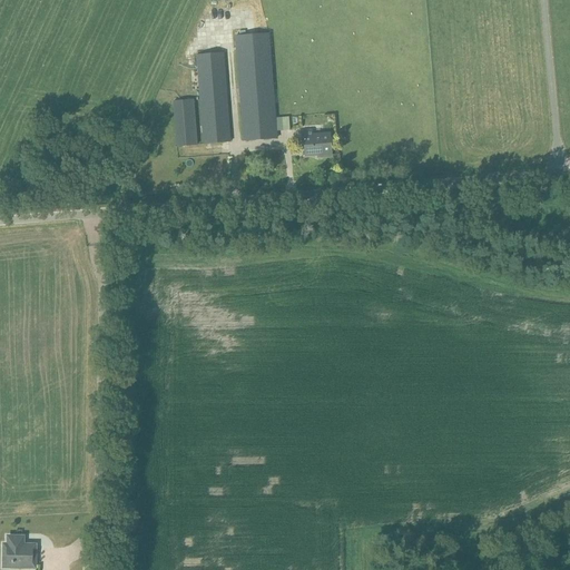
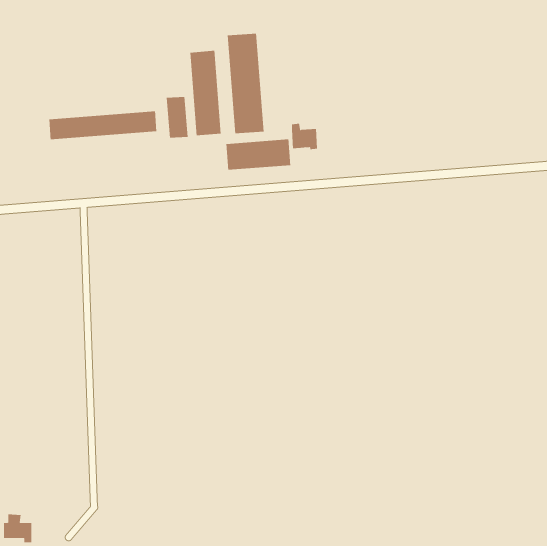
building: none -> [49,110,157,140]
building: none -> [226,139,291,171]

